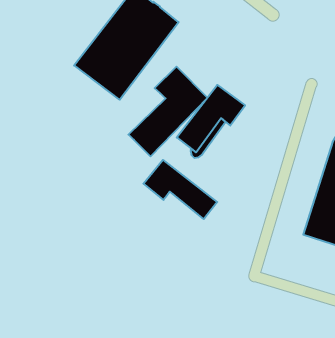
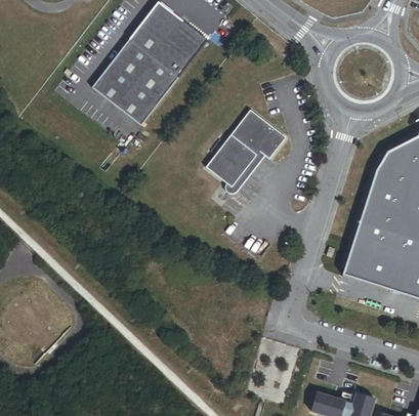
building: [128,67,207,156] -> none
building: [143,160,217,219] -> none

